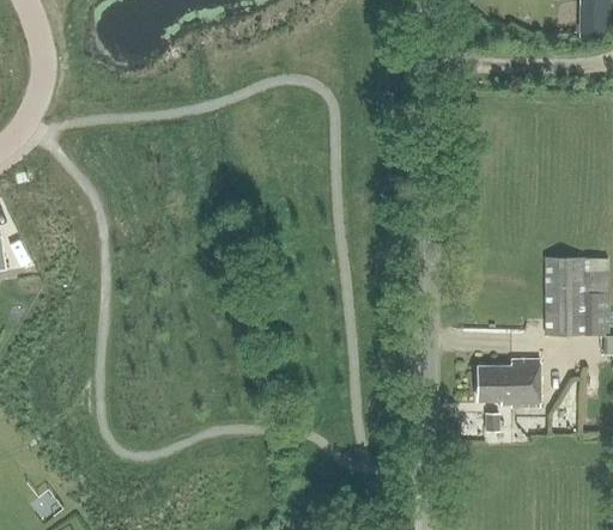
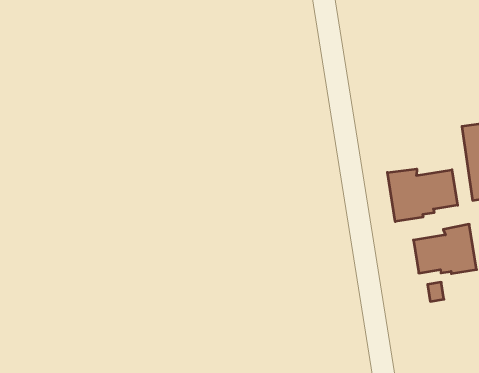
building: none -> [387,169,458,222]

